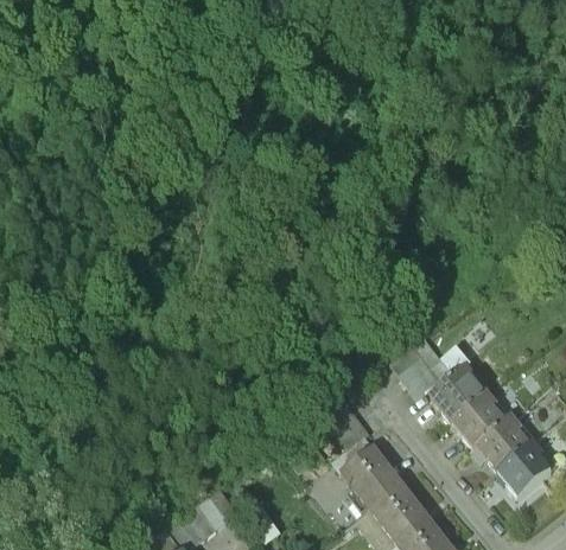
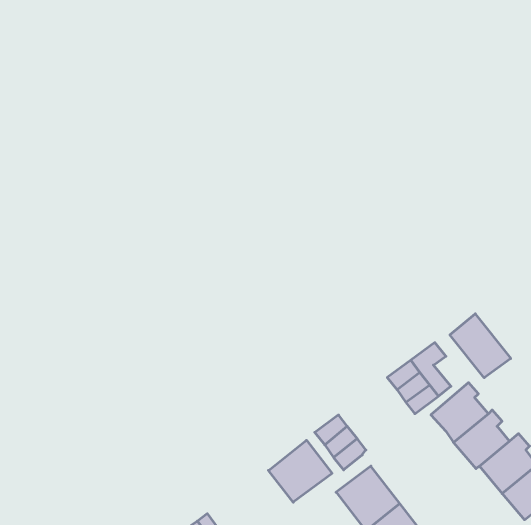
building: none -> [450,314,511,378]
building: none -> [268,440,332,502]

